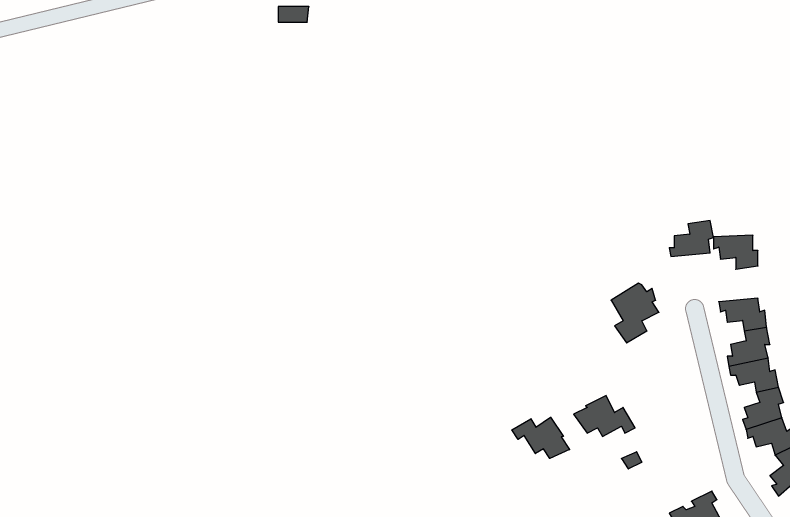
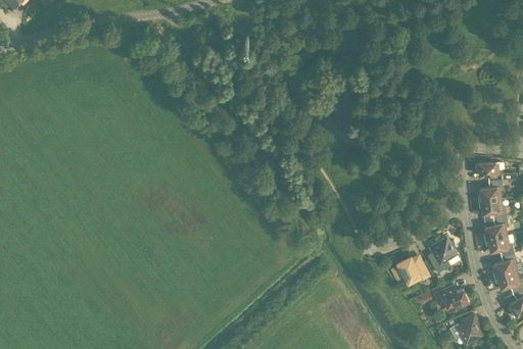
building: [669,221,714,256] -> [477,180,504,201]
building: [611,283,659,343] -> [429,237,458,272]
building: [512,417,570,458] -> none
building: none -> [434,285,469,312]

